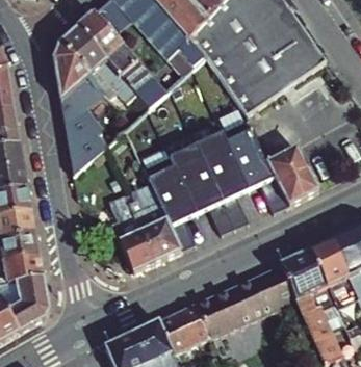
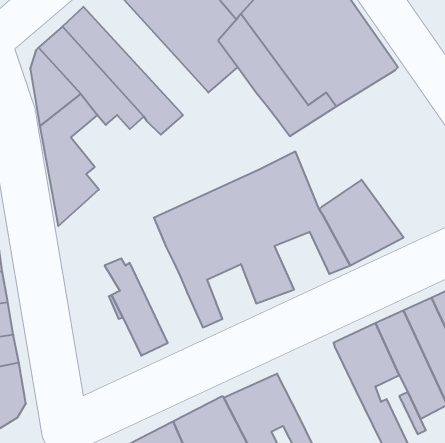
building: [126,191,180,262] -> none
building: [235,265,293,317] -> none

